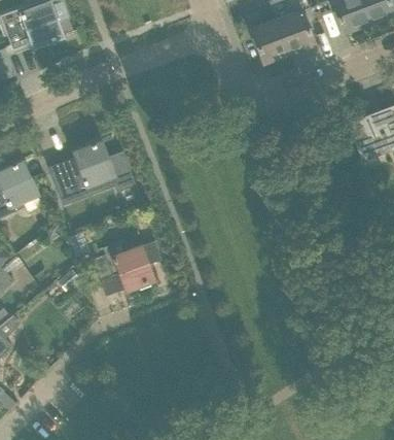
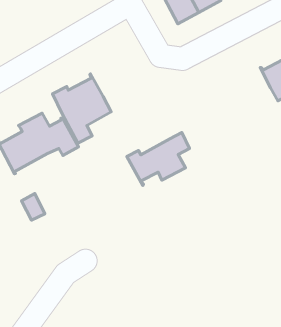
building: none -> [52,74,111,143]
building: [92,239,162,292] -> [127,133,190,185]

